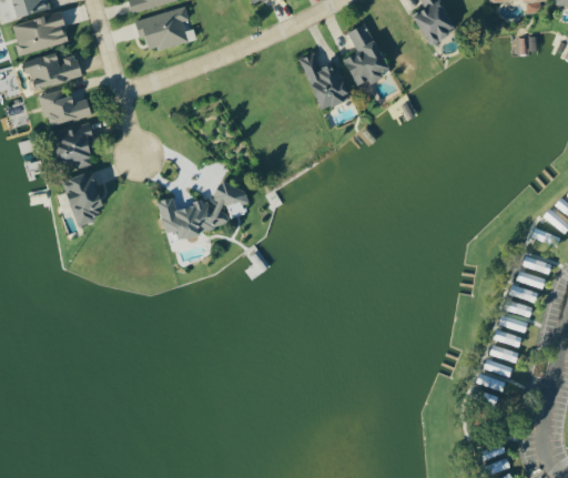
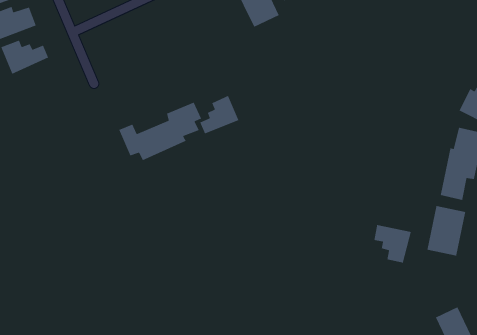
building: [54,124,94,169] -> none
building: [64,172,103,226] -> none
building: none -> [199,95,240,135]
building: none -> [374,224,412,263]

